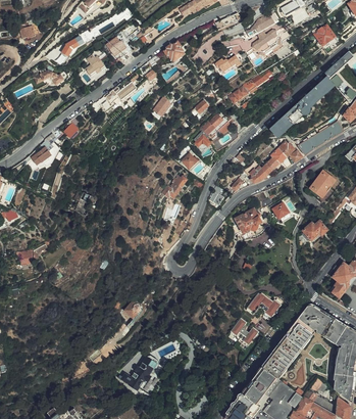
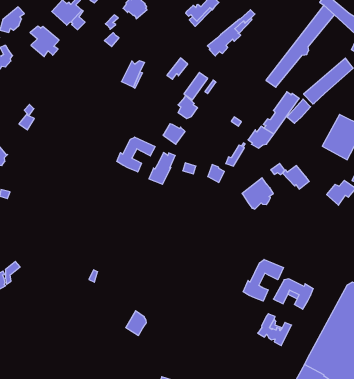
building: none -> [117,137,155,172]
building: none -> [243,259,284,301]

